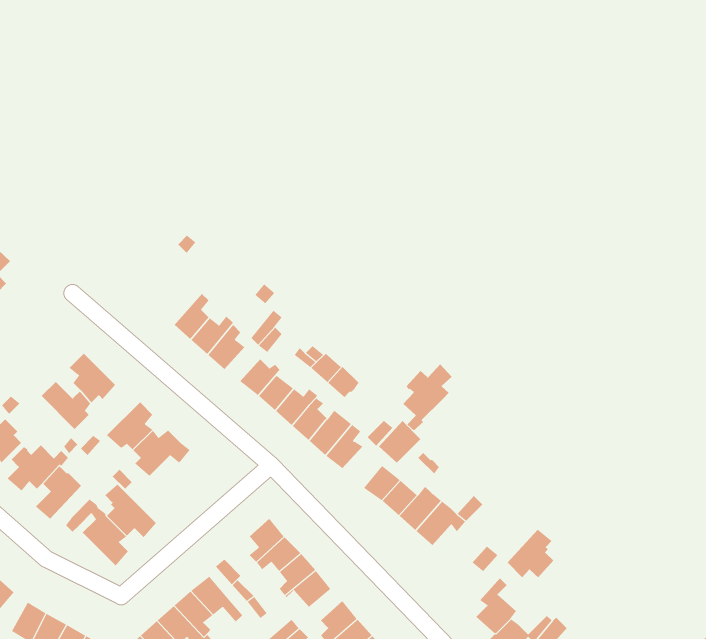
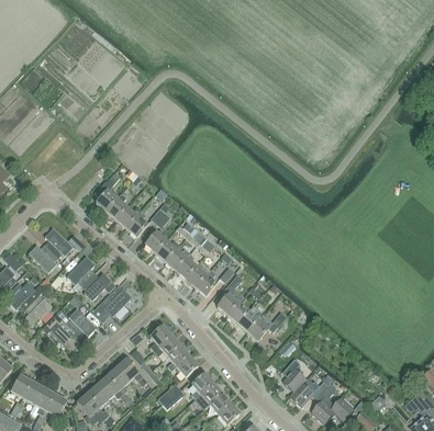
building: none -> [94,171,122,211]
building: [403,363,453,431] -> none
building: none -> [91,287,131,321]
building: [507,529,554,578] -> none

